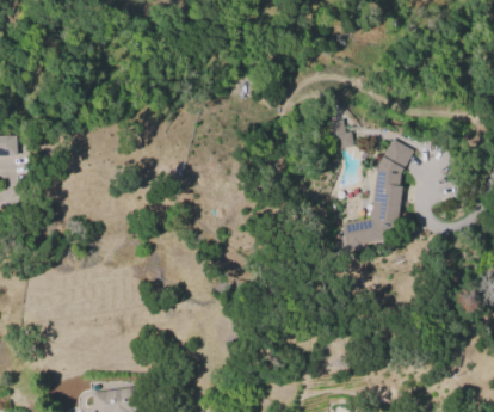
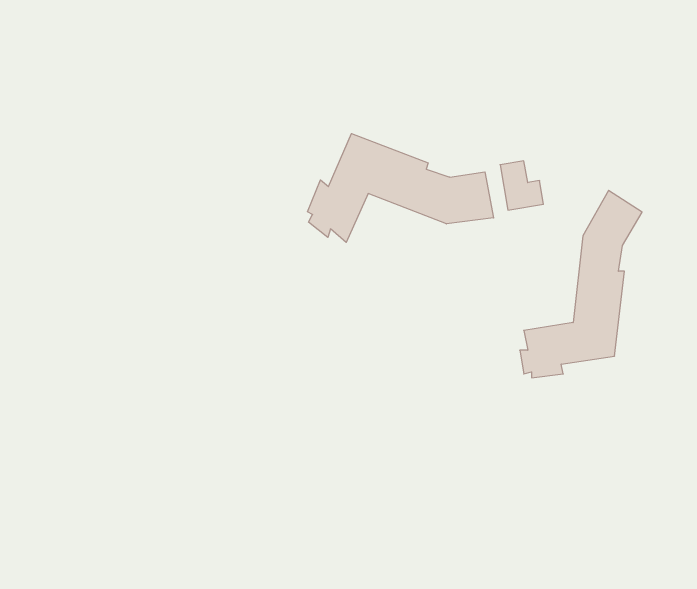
building: none -> [308,134,494,242]

